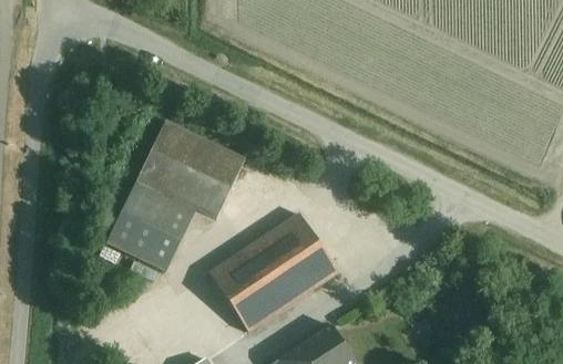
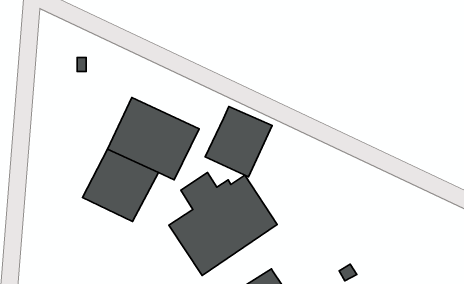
building: none -> [205,107,272,177]

